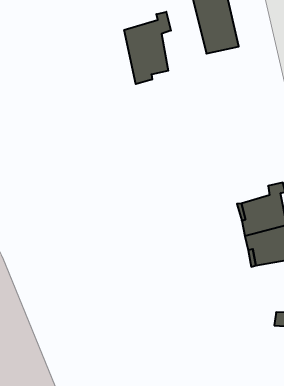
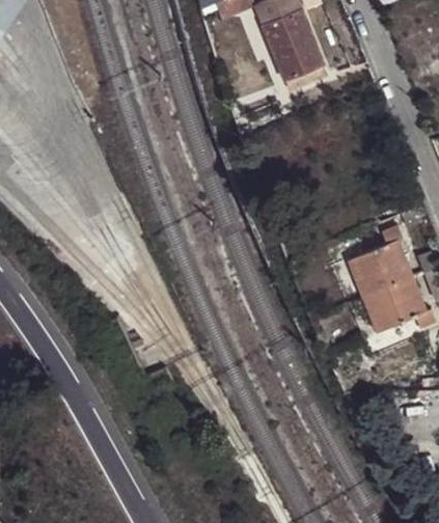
building: [124,12,171,84] -> none

